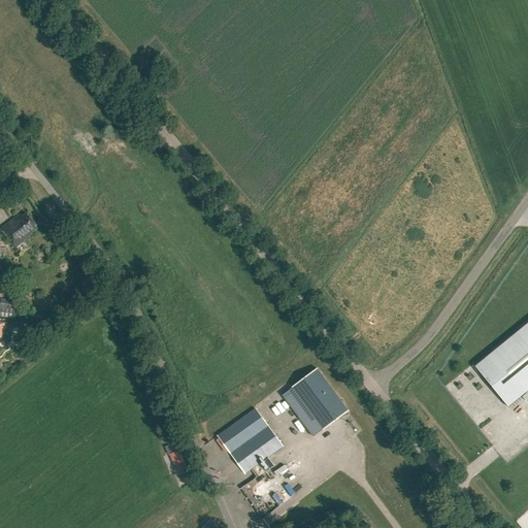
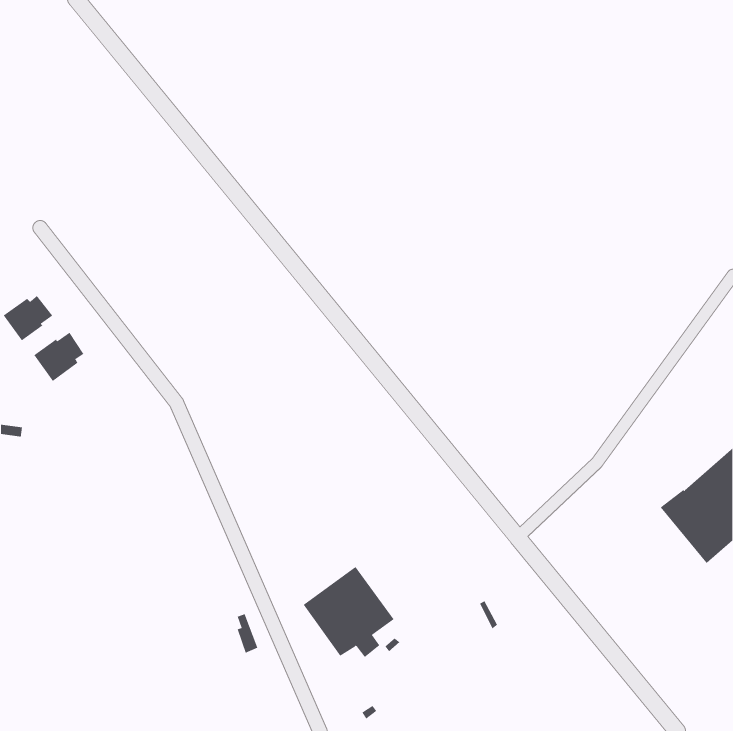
building: none -> [33,332,84,382]
building: [283,368,349,435] -> none

